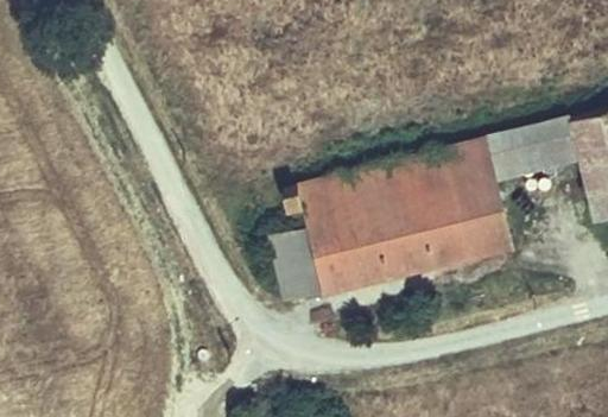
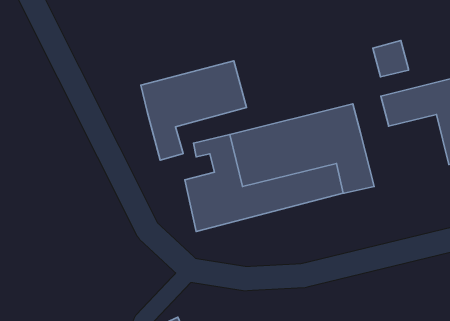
building: none -> [141,61,247,160]
building: [484,135,528,181] -> [373,40,408,77]

